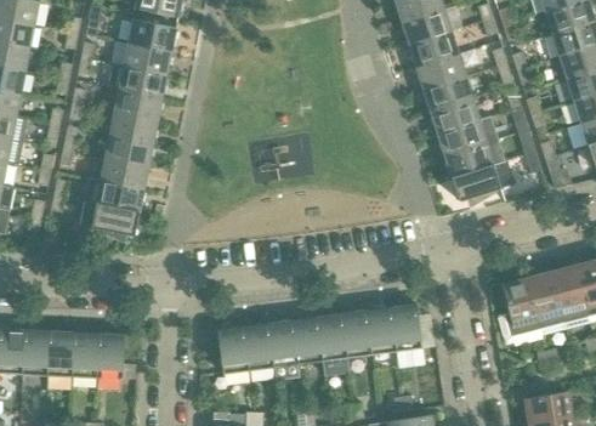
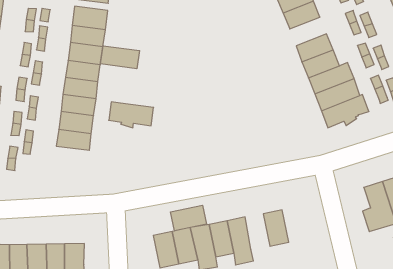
building: [416,52,465,89] -> none
building: none -> [100,46,140,69]
building: [79,199,140,235] -> [109,102,154,128]
building: none -> [171,205,206,231]
building: [391,302,421,350] -> none
building: [341,309,371,356] -> none

